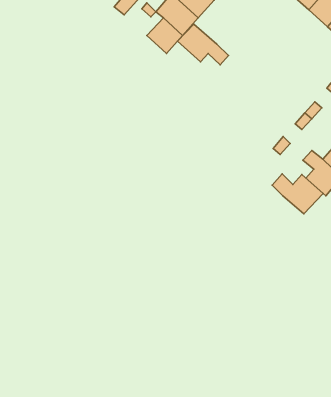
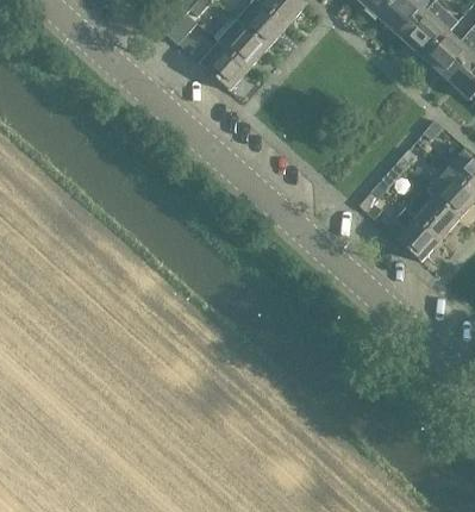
building: [178,24,229,65] -> none
building: [272,174,323,214] -> none

